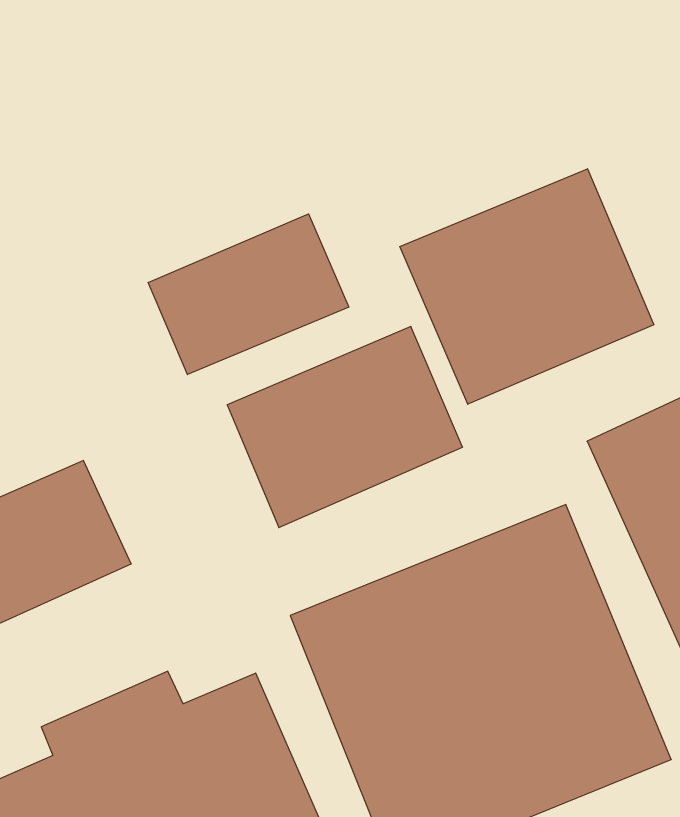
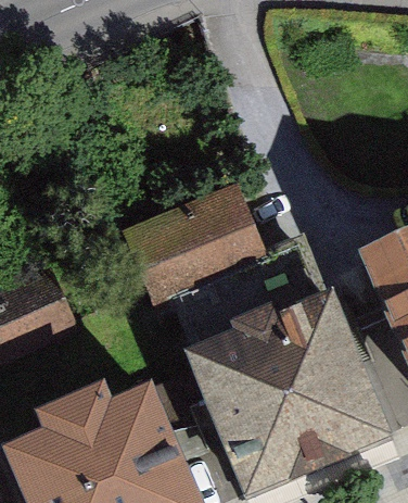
building: [400,169,654,404] -> none
building: [148,214,349,375] -> none

